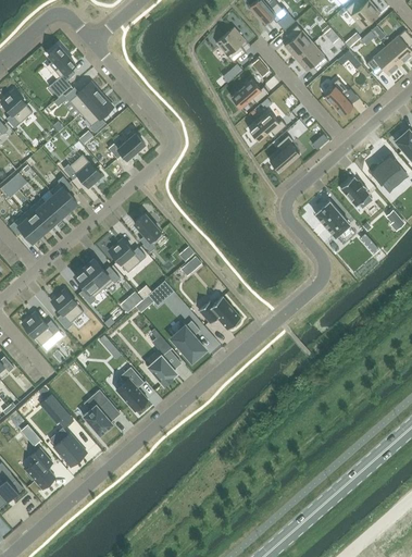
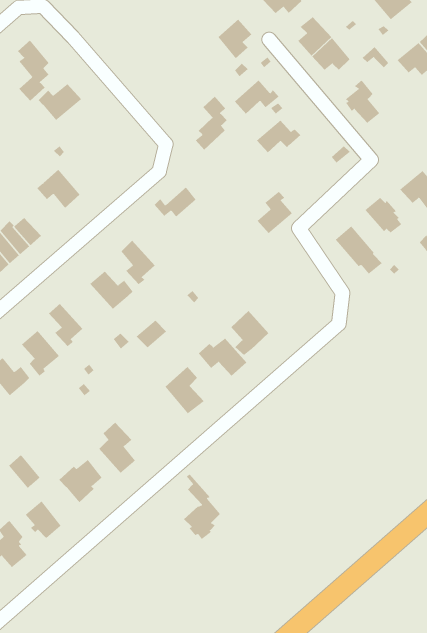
building: none -> [195,96,227,151]
building: [80,95,113,131] -> none
building: [109,133,145,159] -> [154,187,197,218]
building: [270,135,300,171] -> [257,191,293,234]
building: [50,176,77,210] -> none
building: [84,258,120,288] -> none
building: none -> [231,310,269,356]
building: [149,329,180,384] -> [183,474,221,540]

